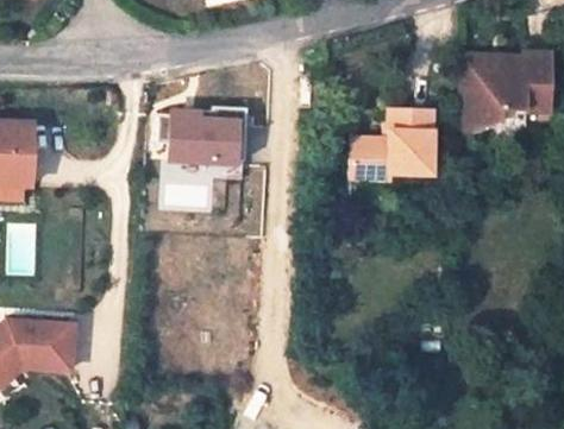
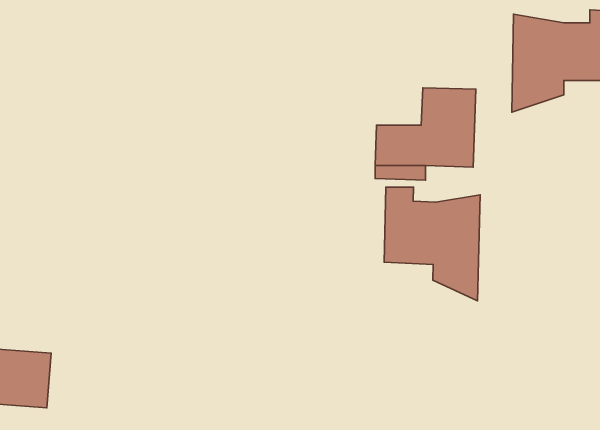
building: [174,105,249,163] -> none
building: none -> [384,187,480,301]

